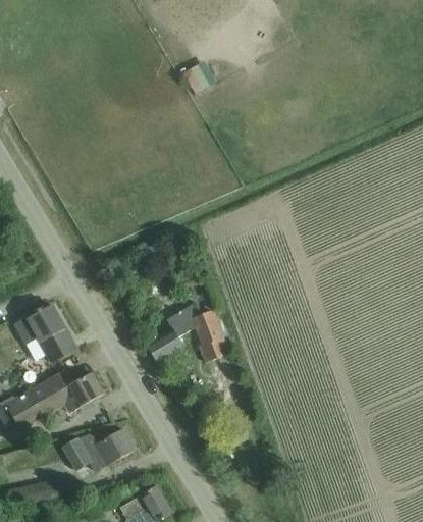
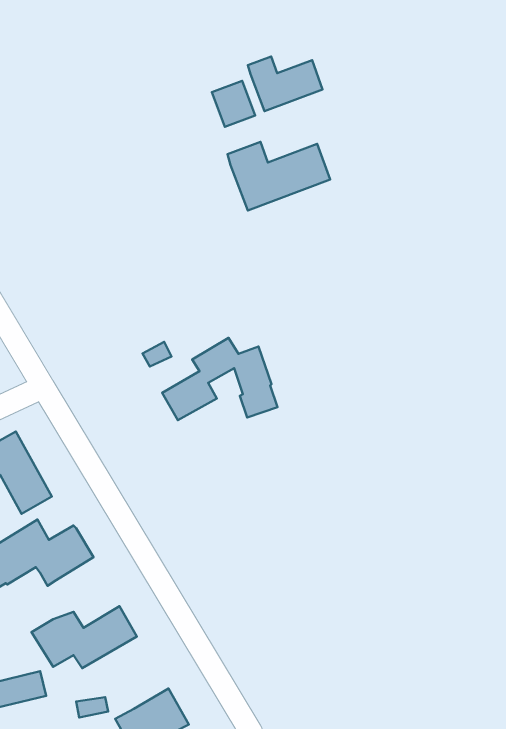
building: none -> [248,56,323,111]
building: none -> [228,142,330,211]
building: [144,302,225,360] -> [162,338,277,420]

